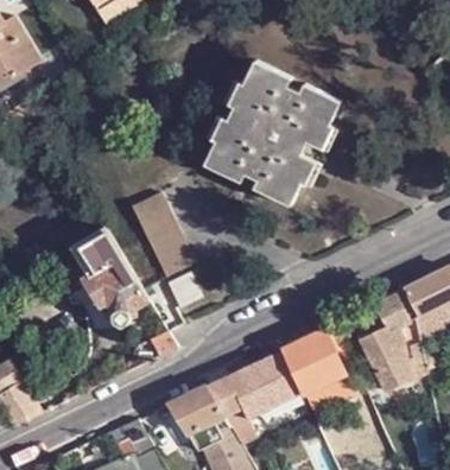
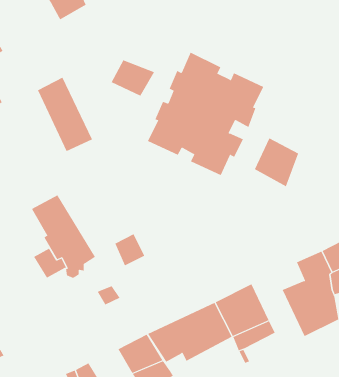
building: none -> [111,60,155,96]
building: none -> [254,138,299,187]
building: [131,190,195,277] -> [37,77,93,152]

